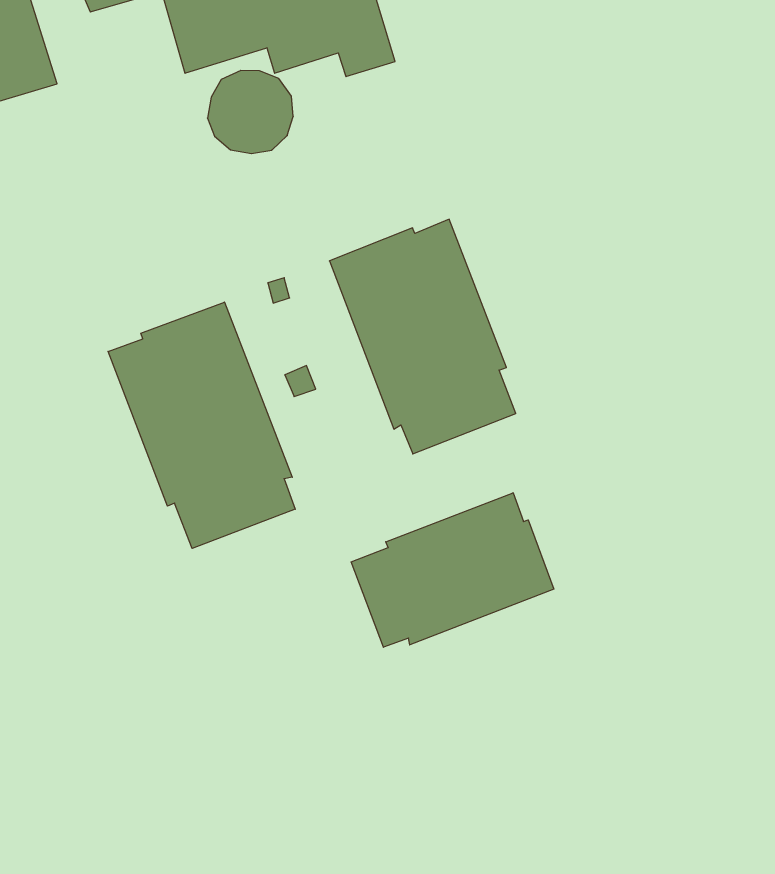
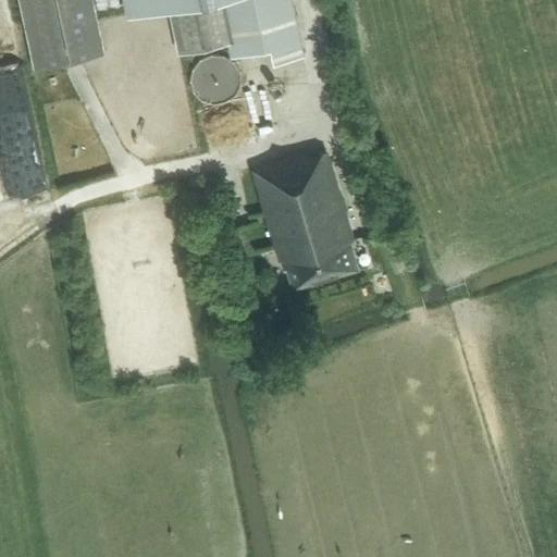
building: [108,302,295,548] -> none
building: [351,493,554,647] -> none

